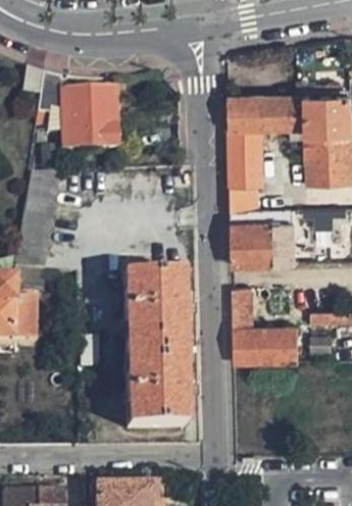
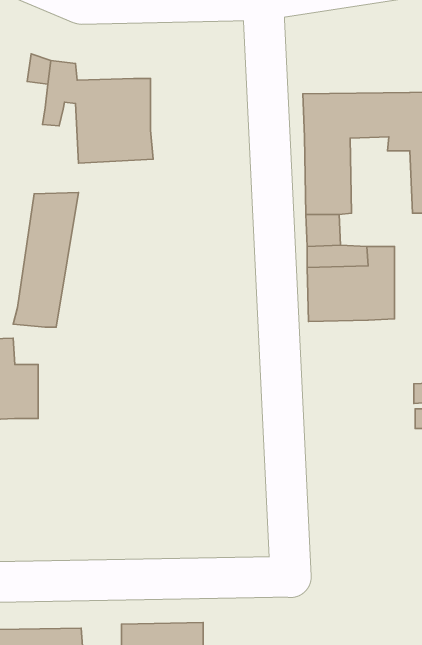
building: [122,274,186,429] -> none
building: [232,289,300,362] -> none

